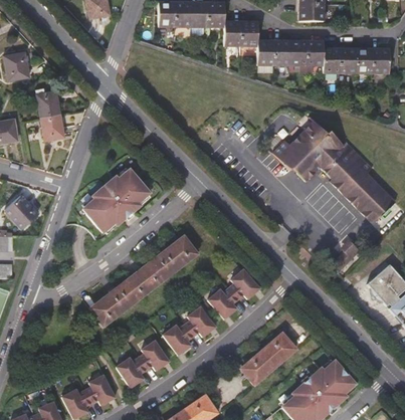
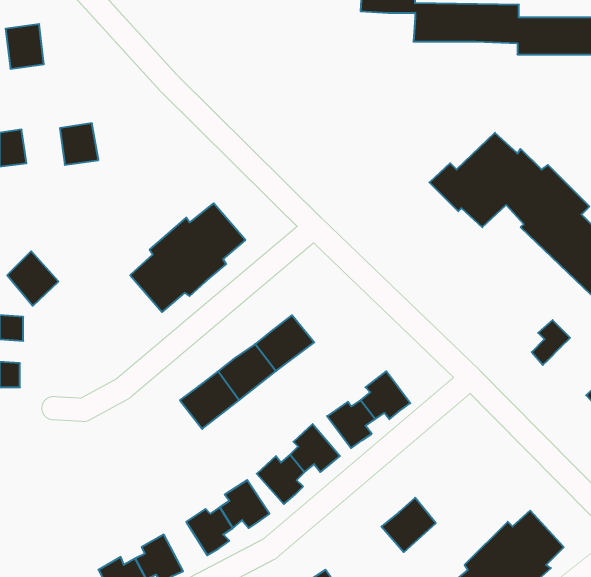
building: [35,93,58,119] -> none
building: [90,289,128,326] -> none
building: [261,333,295,367] -> none

